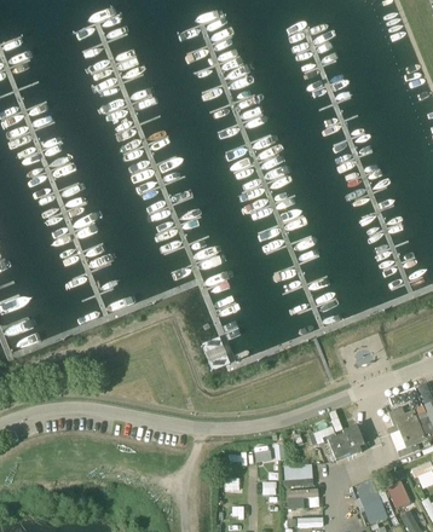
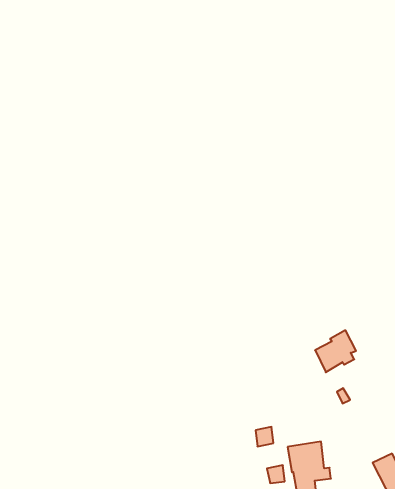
building: [328,426,364,461] -> [315,330,356,372]

